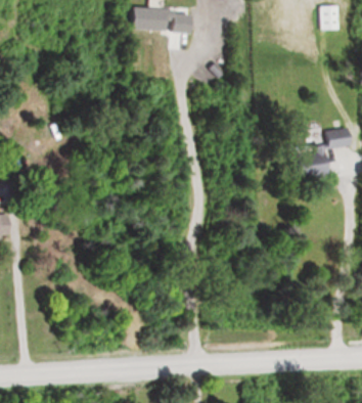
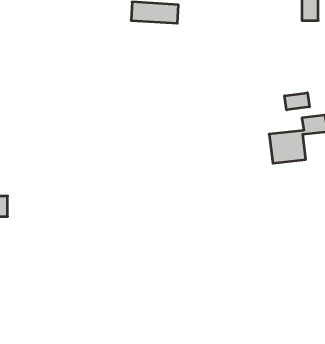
building: none -> [285,93,309,110]

